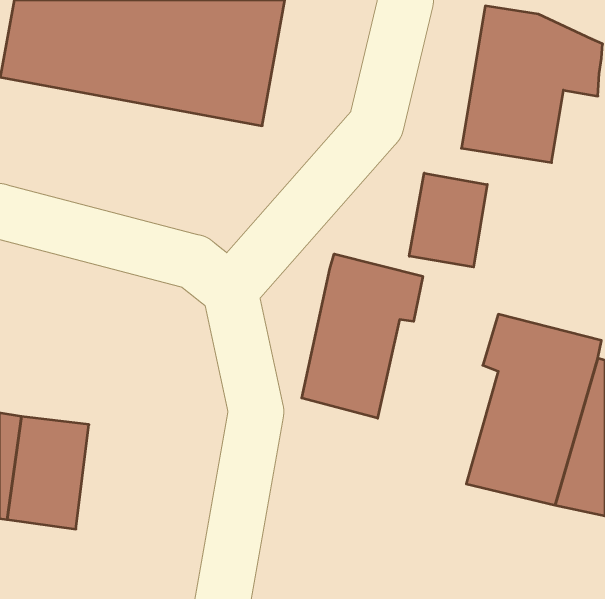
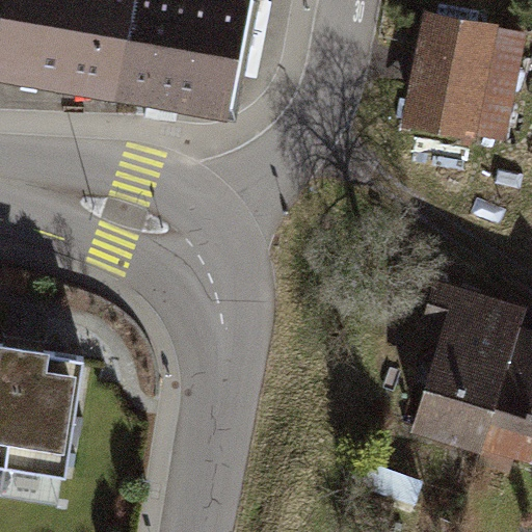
building: [409,173,487,267] -> none
building: [302,254,423,418] -> none

